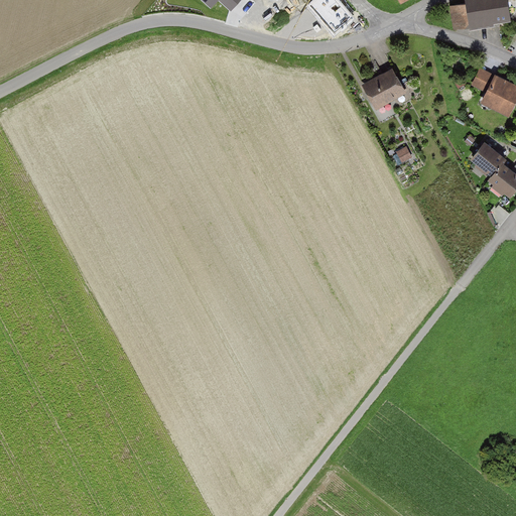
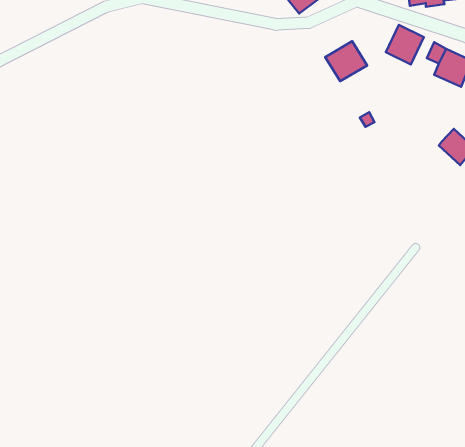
building: none -> [386,25,424,65]
building: [468,140,504,175] -> none

